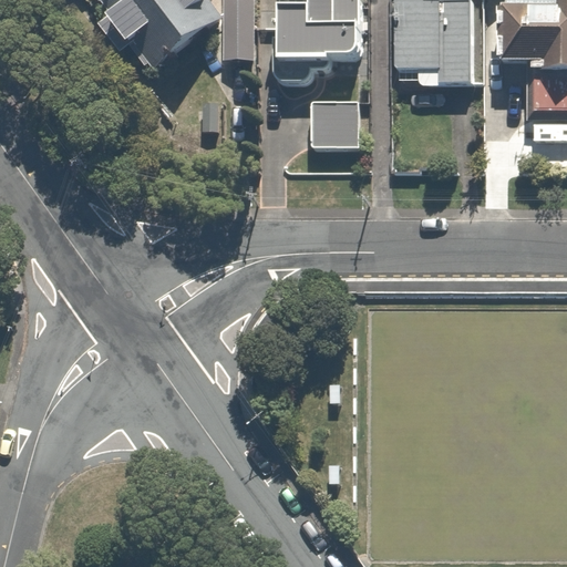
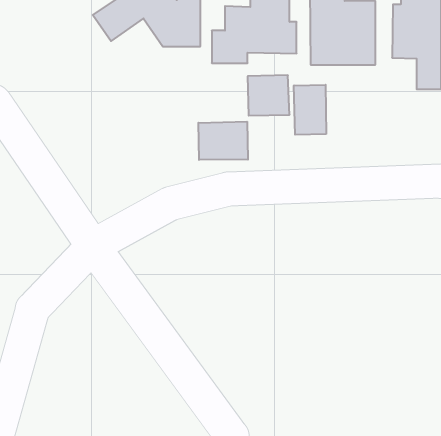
building: none -> [294,85,326,135]
building: none -> [198,122,248,160]

